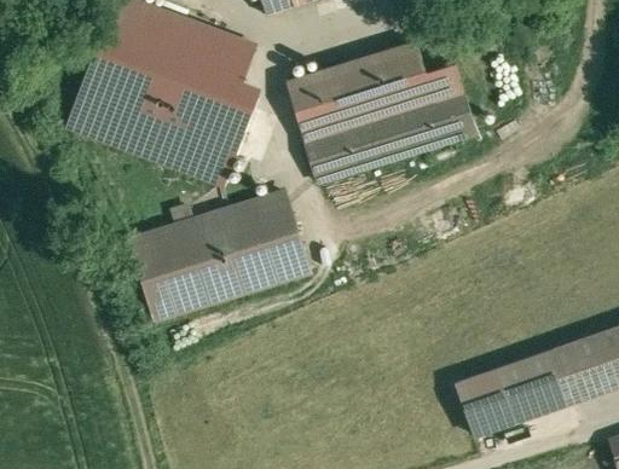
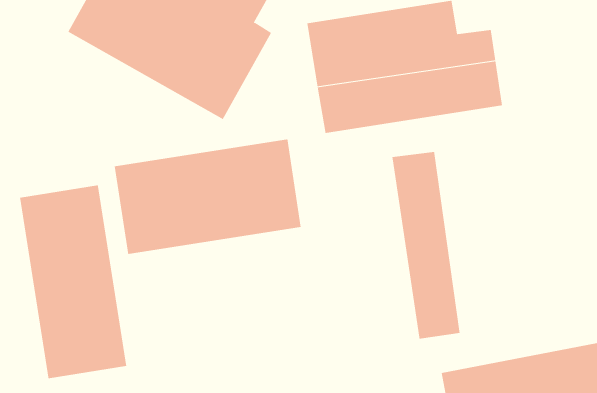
building: none -> [392,151,460,340]
building: none -> [20,184,127,379]

